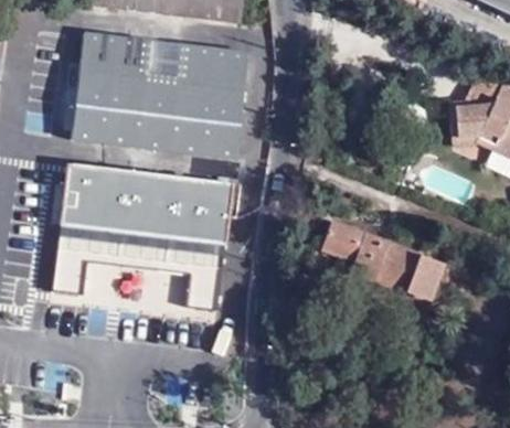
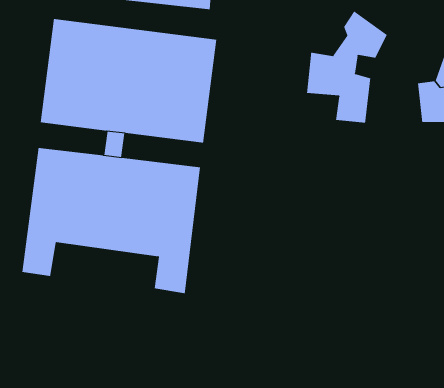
building: none -> [306,11,388,123]
building: [323,222,443,295] -> none

